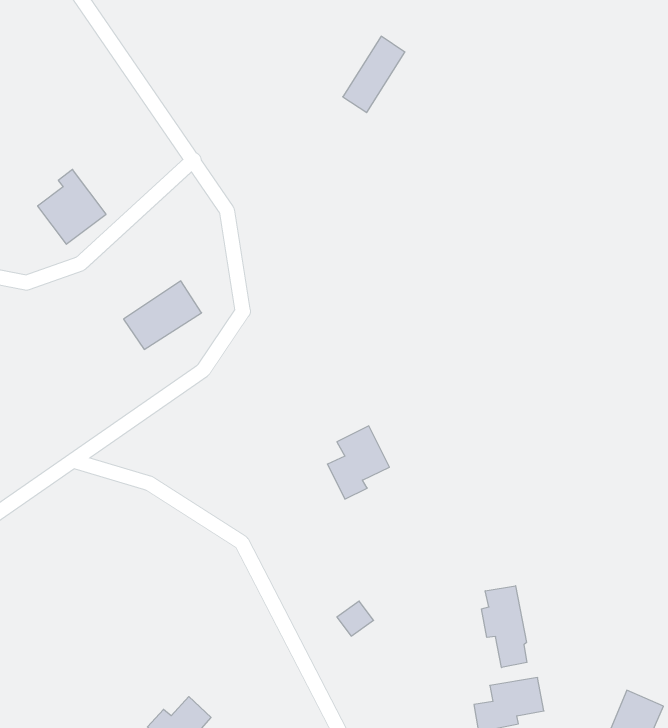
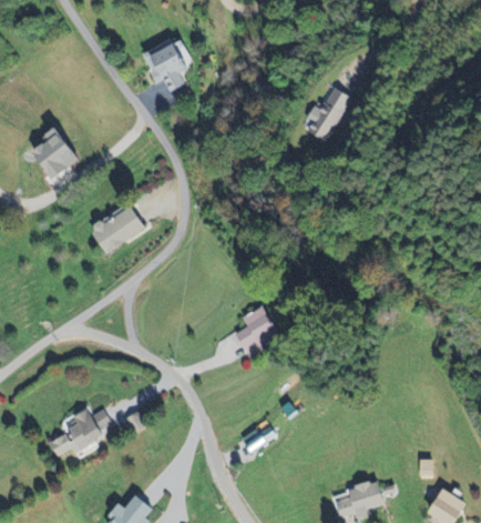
building: [343,36,405,113] -> [306,86,349,139]
building: none -> [141,38,190,92]
building: none -> [47,408,110,455]
building: [481,586,527,668] -> none

